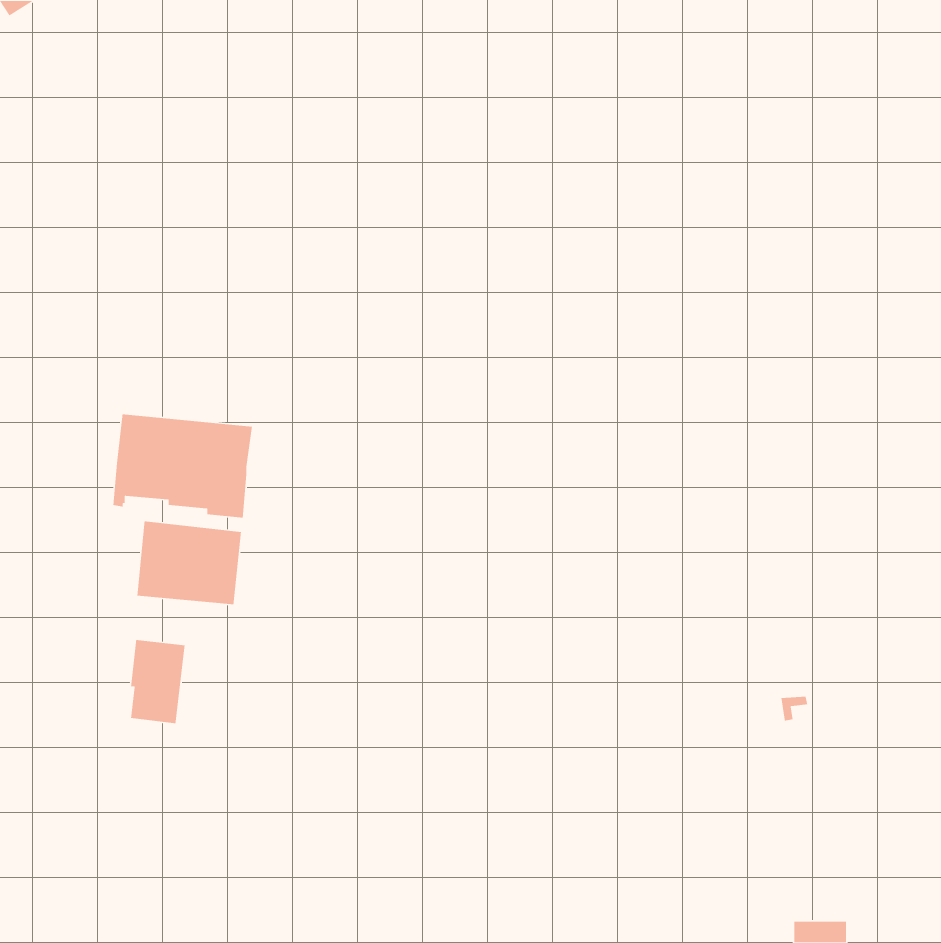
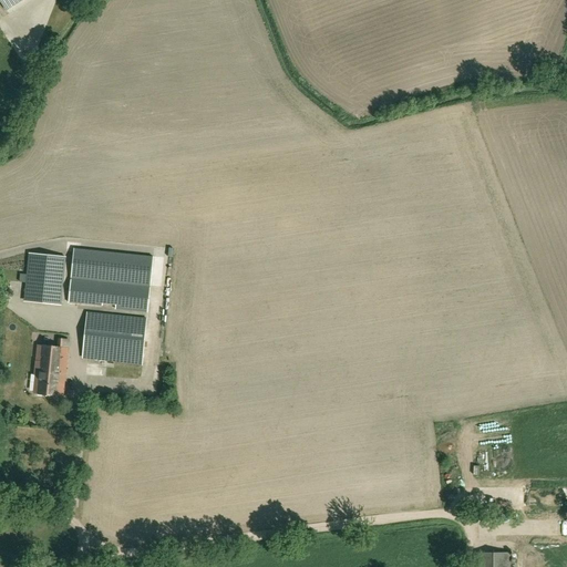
building: none -> [19,252,64,302]
building: [130,639,185,724] -> [33,346,66,396]

